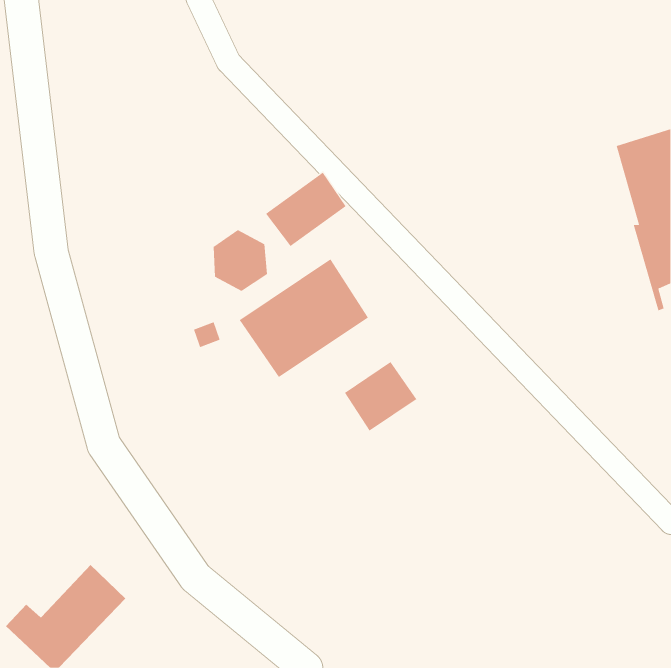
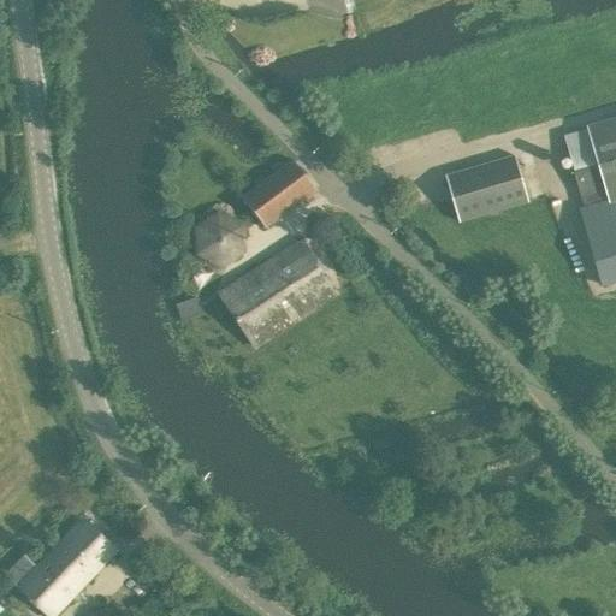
building: none -> [445,154,528,220]
building: [344,361,417,431] -> none

